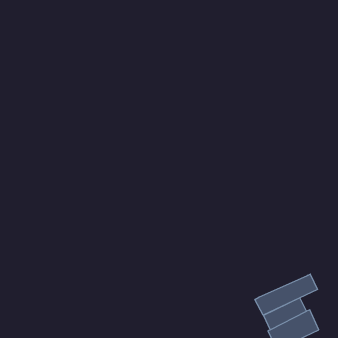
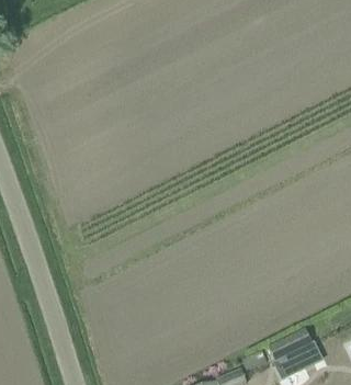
building: [255,274,318,315] -> none

